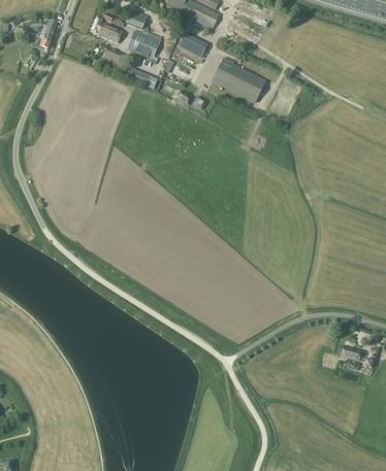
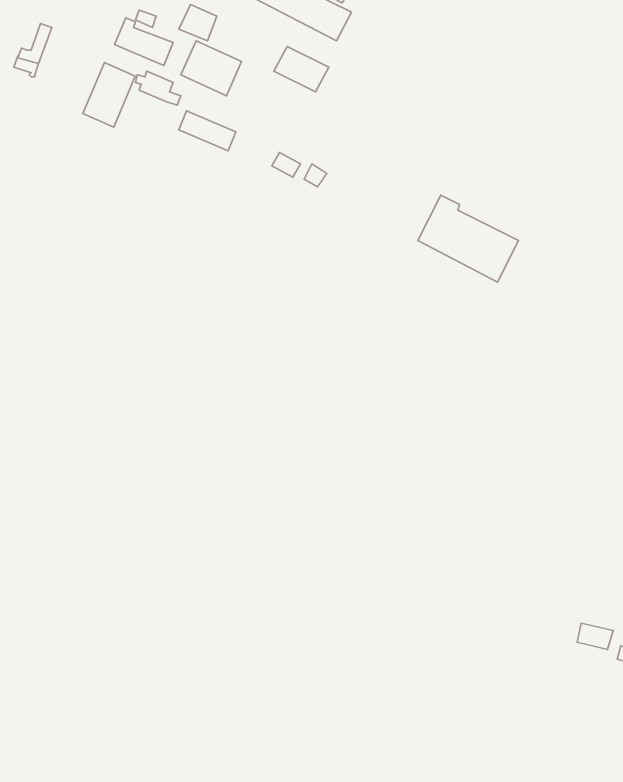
building: none -> [83,63,135,127]
building: [212,56,266,103] -> [418,195,518,282]

